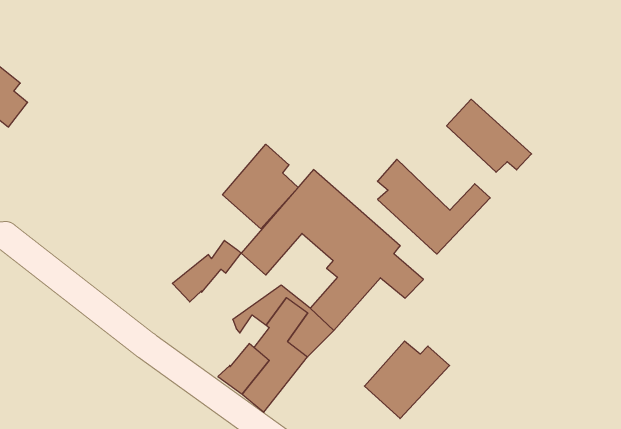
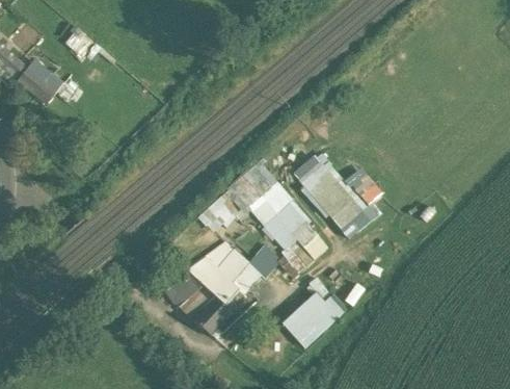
building: [447,99,532,172] -> none
building: [223,144,298,229] -> none
building: [172,240,241,302] -> [164,262,216,305]

